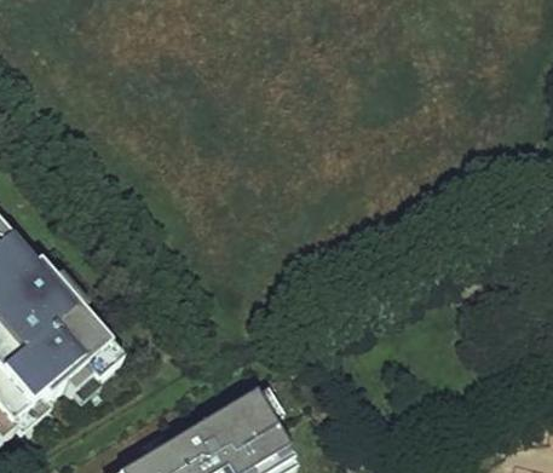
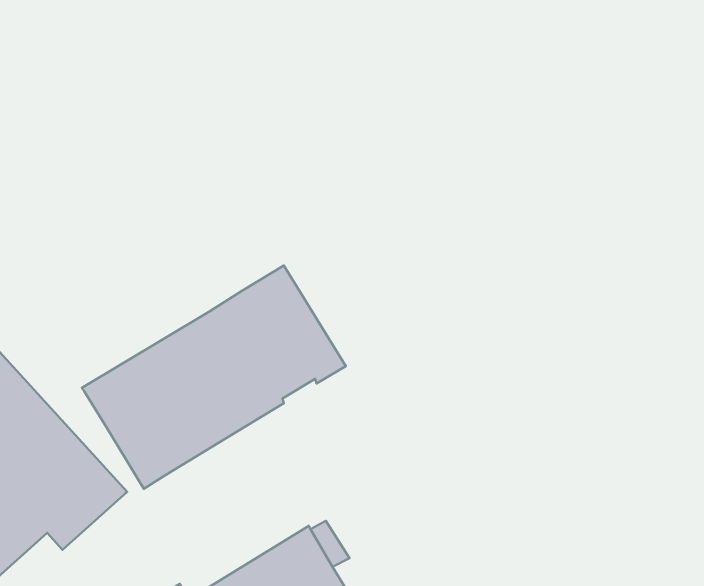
building: none -> [82,265,346,489]

